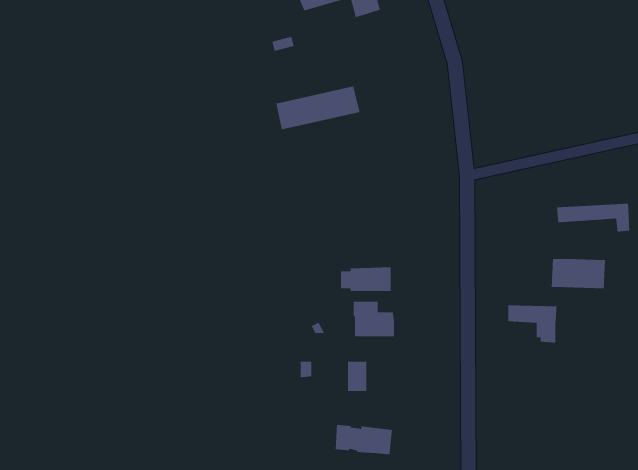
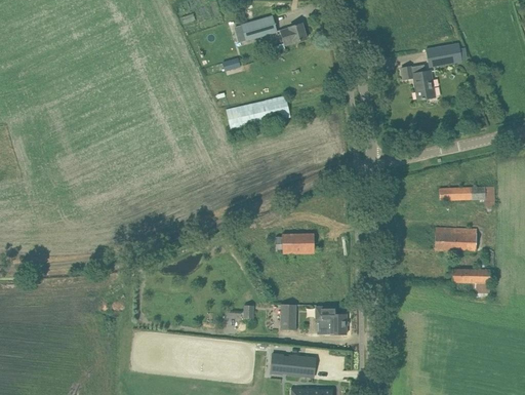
building: none -> [425,41,460,66]
building: none -> [400,64,435,100]
building: [353,301,395,337] -> [315,306,347,333]
building: [508,304,557,344] -> [452,268,490,298]

